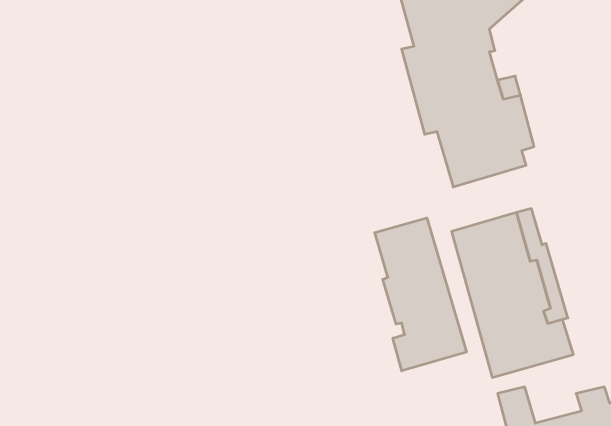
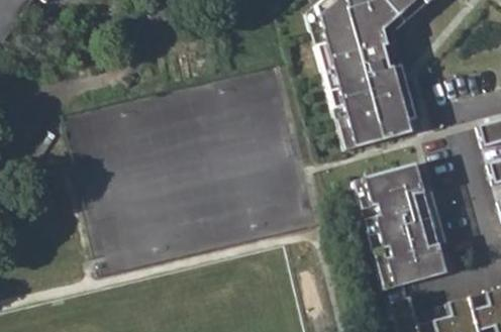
building: [375,218,466,371] -> none

